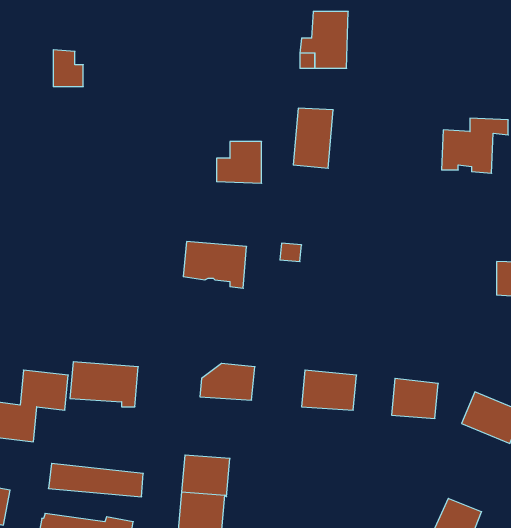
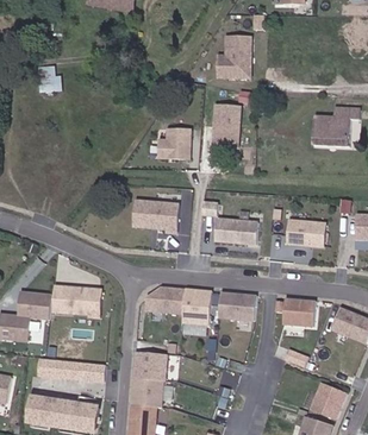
building: none -> [213,218,256,244]
building: none -> [286,220,324,246]
building: none -> [181,289,211,324]

